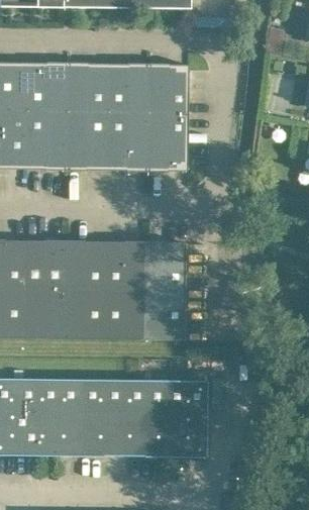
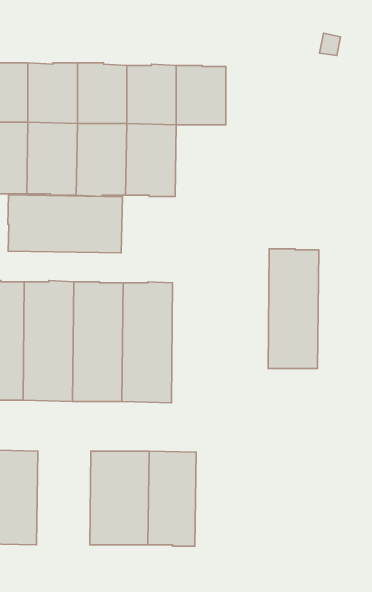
building: [146,112,188,172] -> none
building: none -> [8,195,123,253]
building: [143,241,185,339] -> [268,249,319,369]
building: [33,379,78,455] -> none
building: [163,380,207,456] -> none

